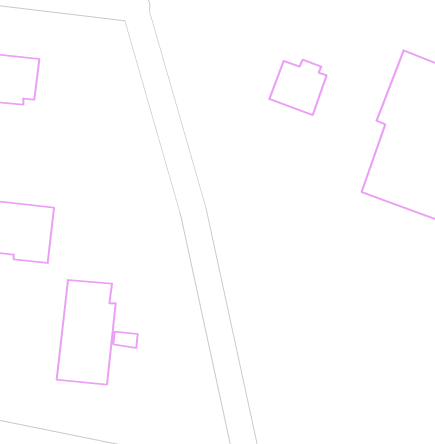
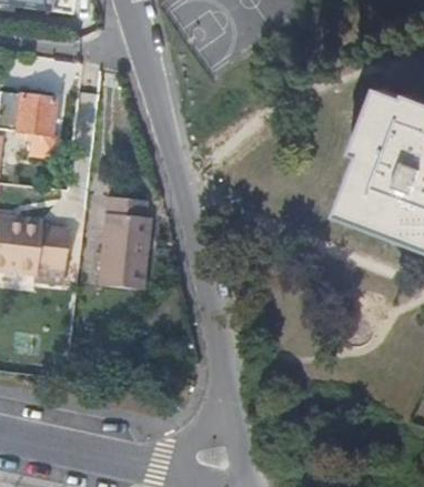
building: [269,60,326,115] -> none
building: [57,280,116,384] -> [99,193,152,287]

